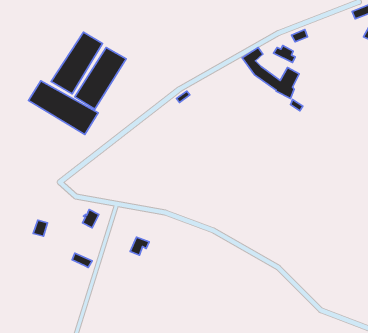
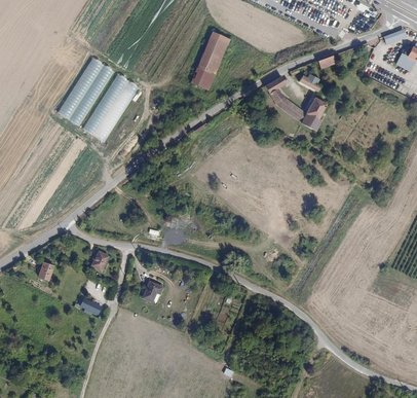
building: none -> [189,31,228,89]
building: [29,81,98,135] -> none

